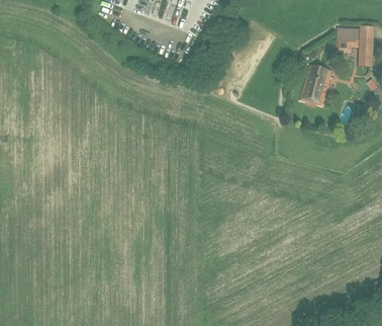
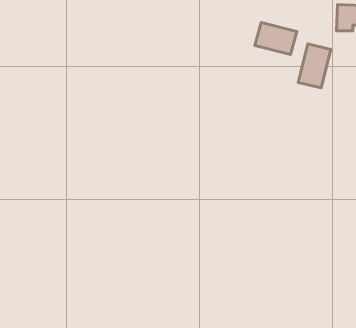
building: none -> [255,23,297,55]

